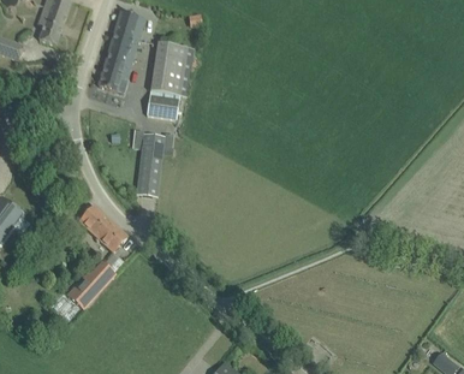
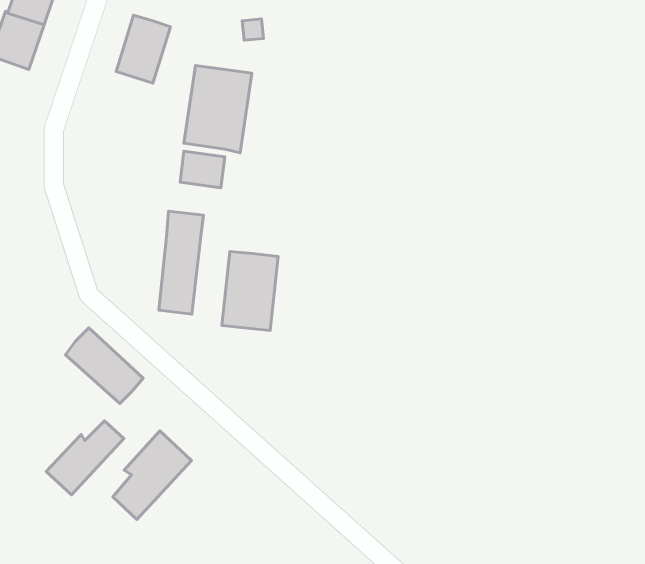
building: [97,46,132,90] -> none
building: none -> [222,251,278,331]
building: none -> [113,431,192,520]

